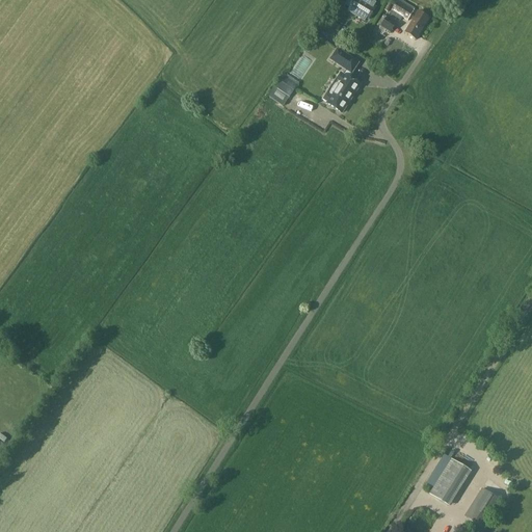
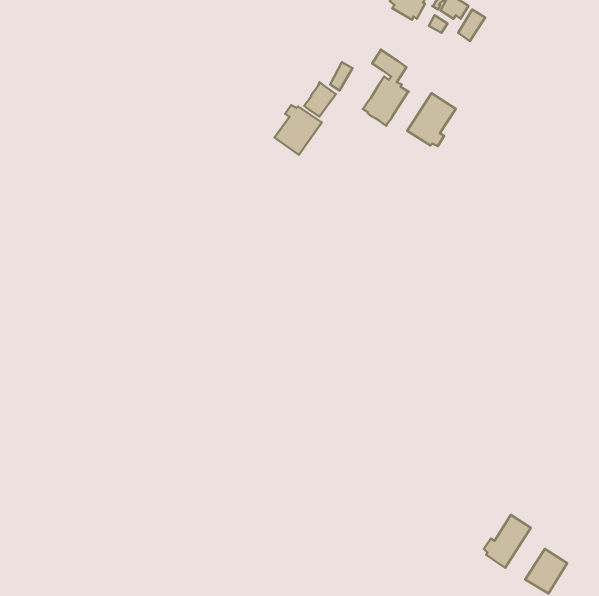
building: none -> [407,93,456,146]
building: none -> [274,105,322,155]

